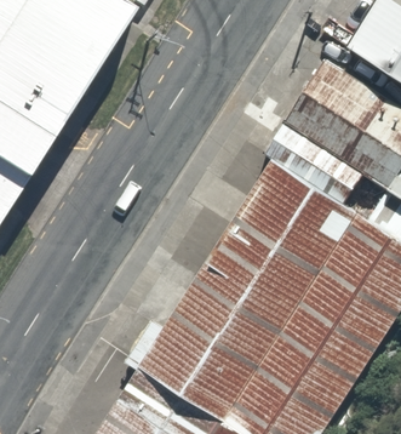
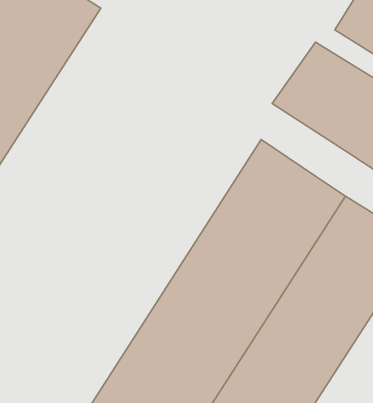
building: [271,115,371,198] -> none

